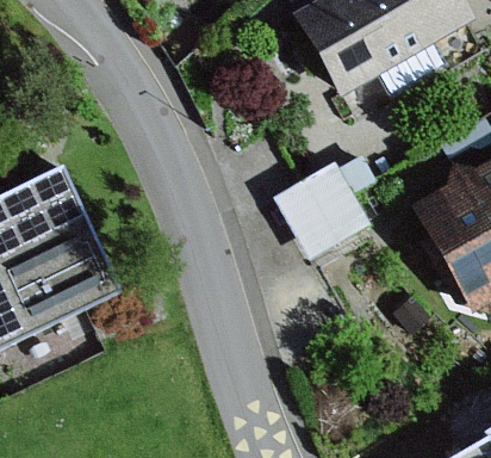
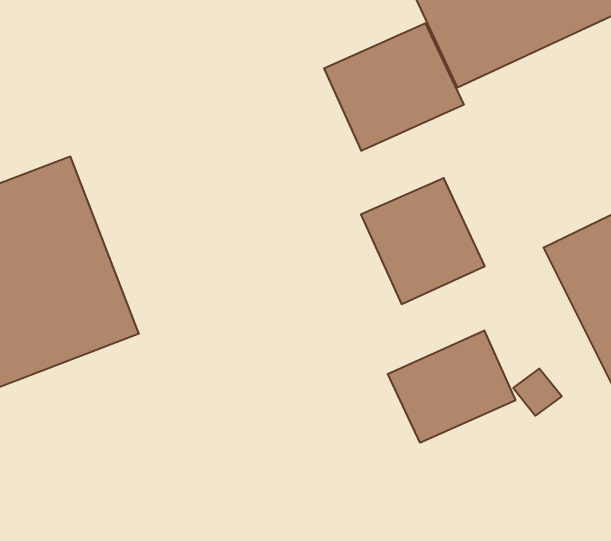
building: none -> [324,23,464,151]
building: none -> [388,330,515,443]

